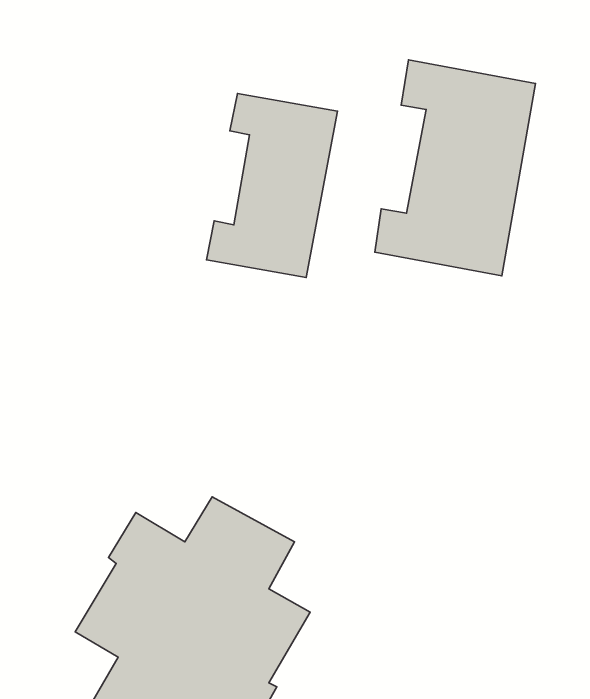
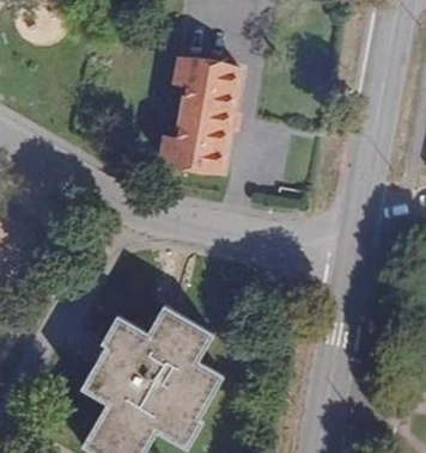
building: [375,60,535,276] -> none

